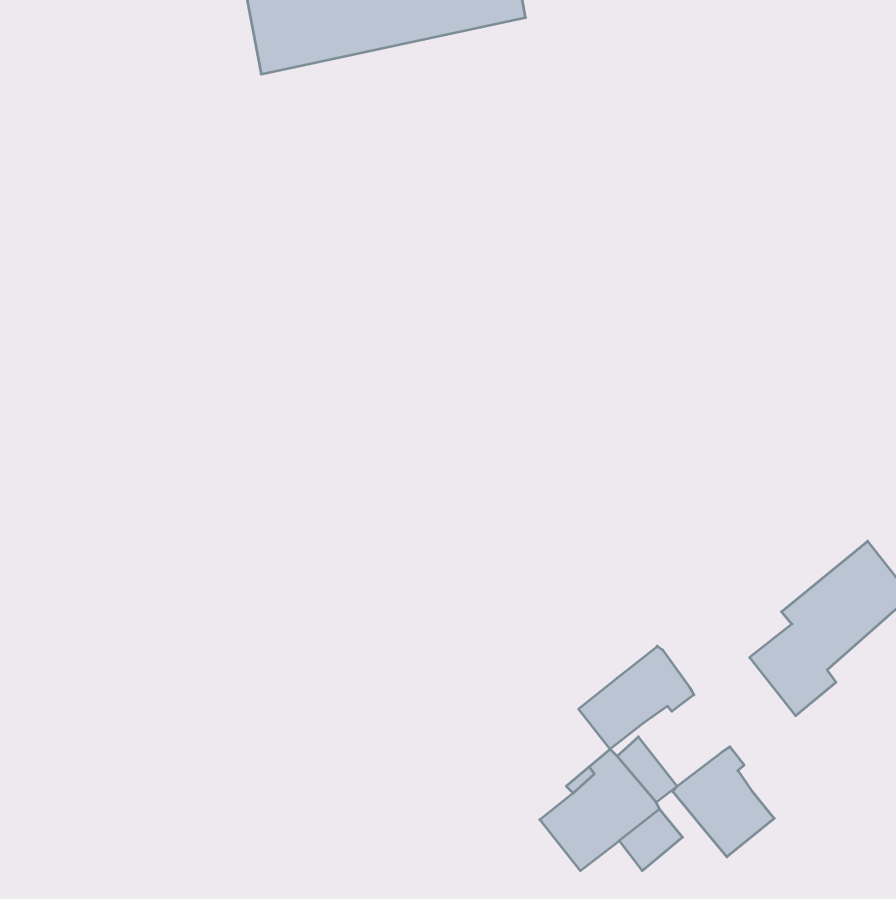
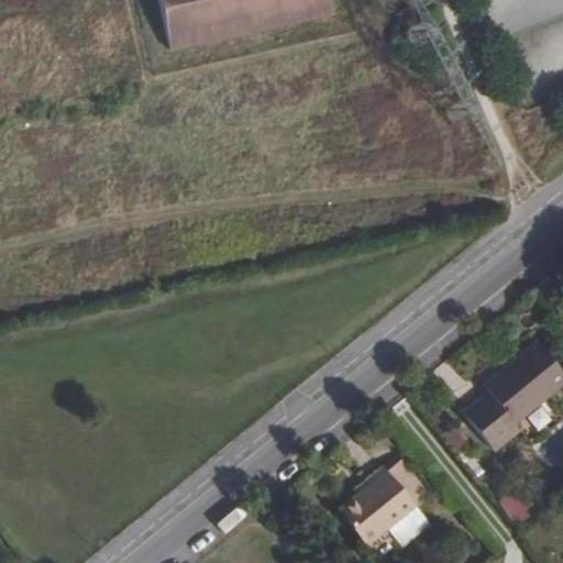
building: [579,646,694,749] -> none
building: [673,747,774,857] -> none

